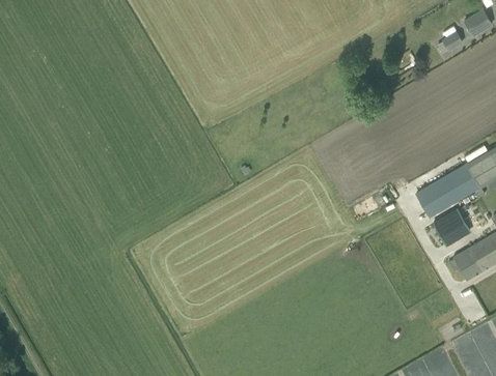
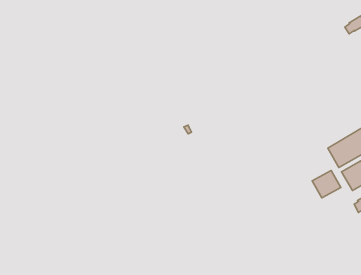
building: none -> [312,171,341,198]

